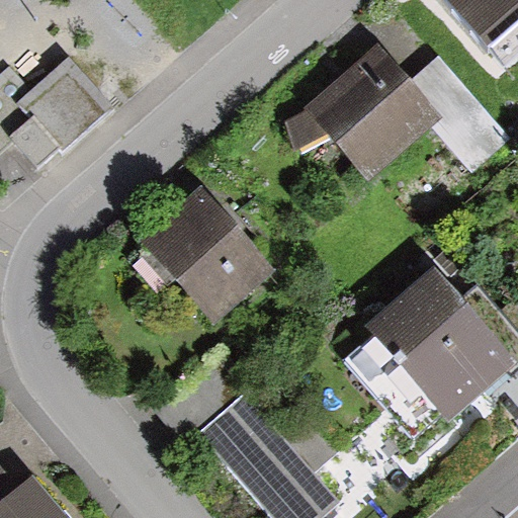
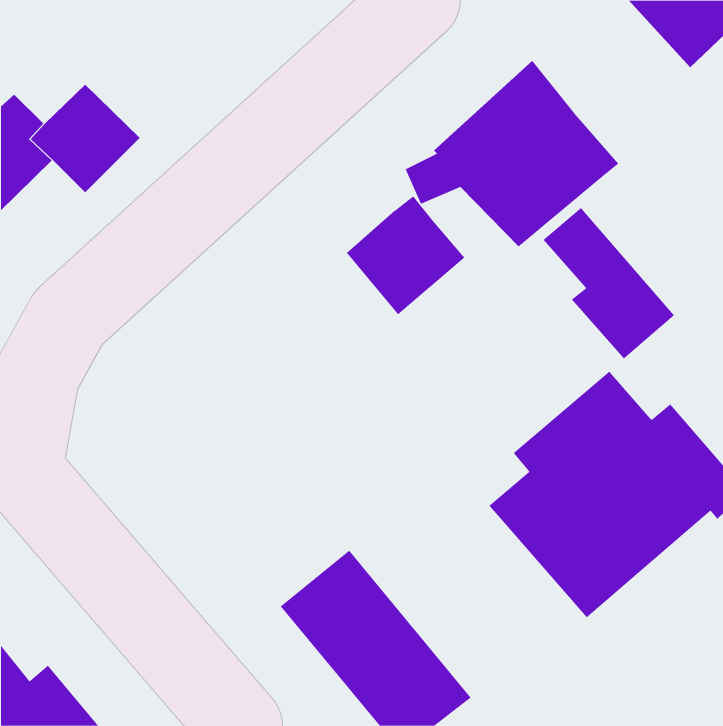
building: [413,59,507,167] -> [543,207,675,359]
building: none -> [346,195,465,315]
building: [121,201,265,343] -> none

